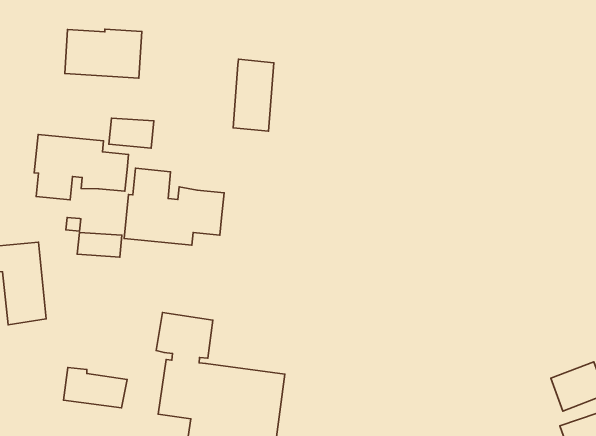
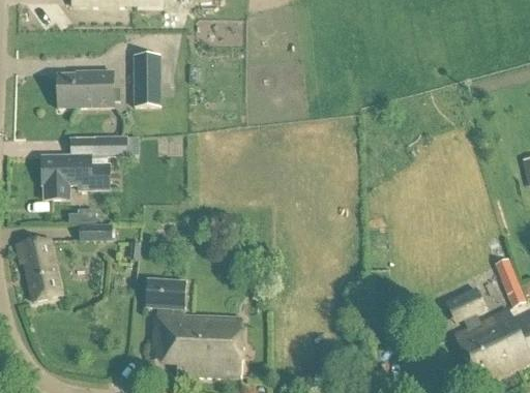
building: [233,59,274,131] -> [132,54,160,105]
building: [124,168,224,245] -> none
building: [64,368,127,408] -> none

